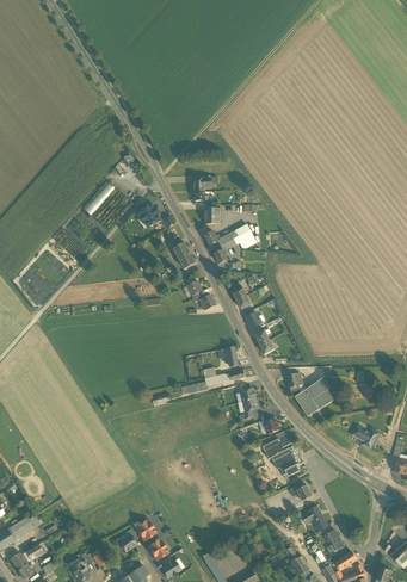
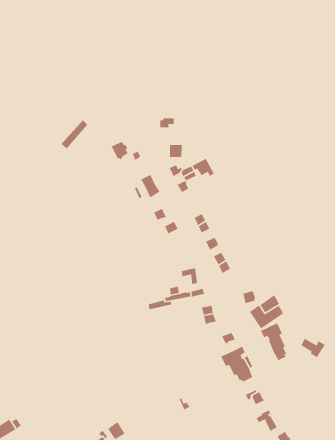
building: none -> [260,322,287,361]

